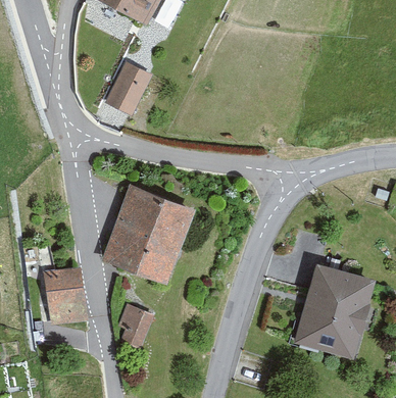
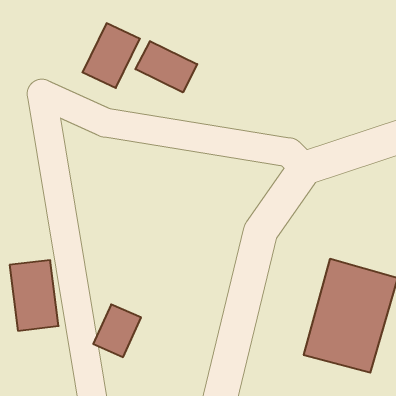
building: none -> [135,41,197,92]
building: [105,188,193,283] -> none

